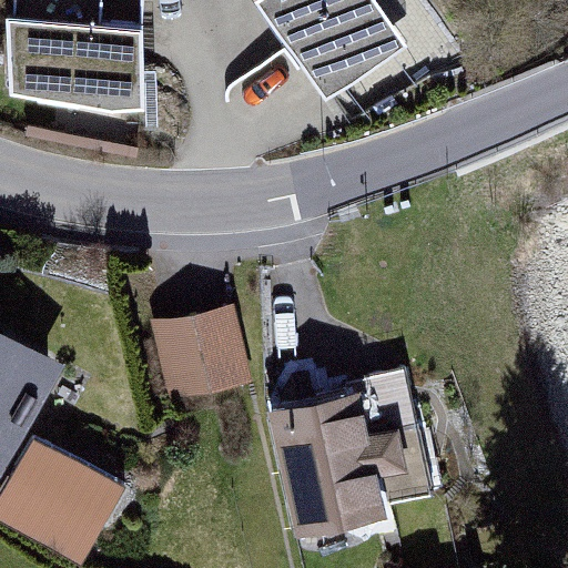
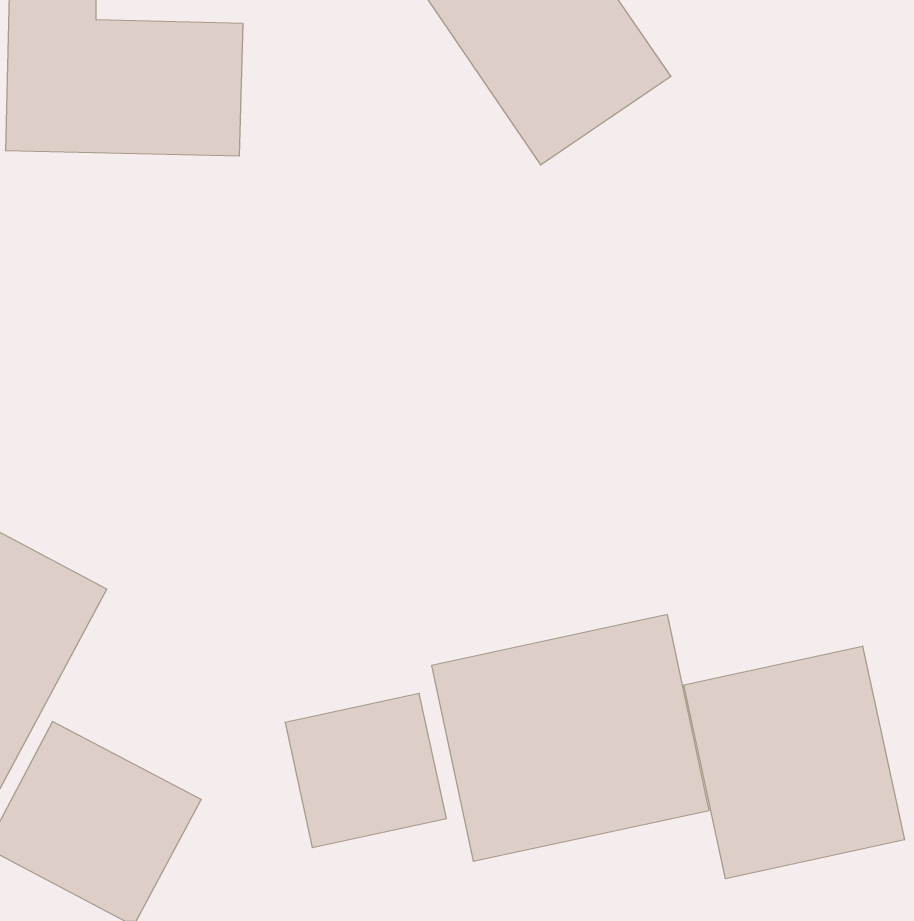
building: [151,307,250,402] -> [285,693,446,848]
building: none -> [684,646,904,879]

